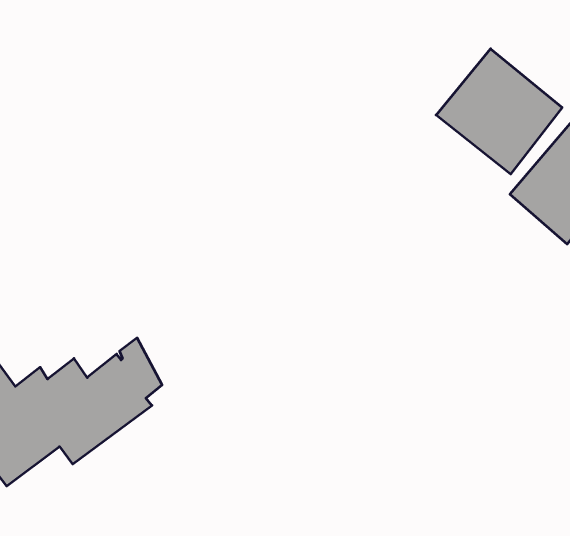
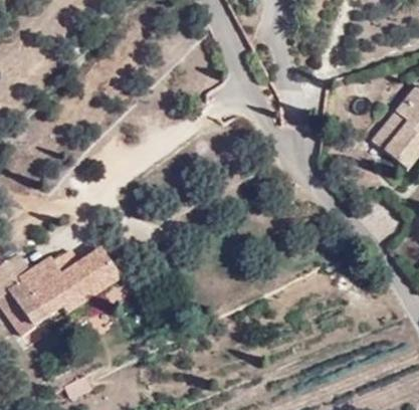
building: [436,49,562,174] -> none

